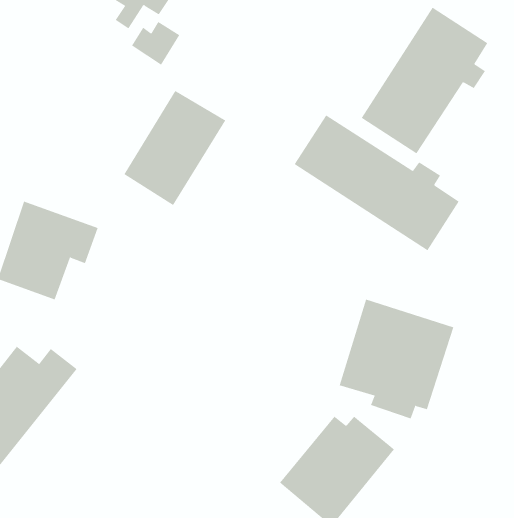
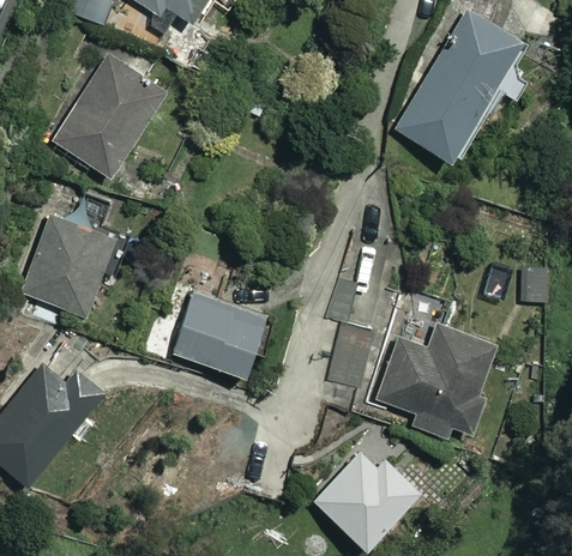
building: [123,90,226,206] -> [56,59,162,177]
building: [294,115,460,251] -> none
building: none -> [174,292,264,375]

